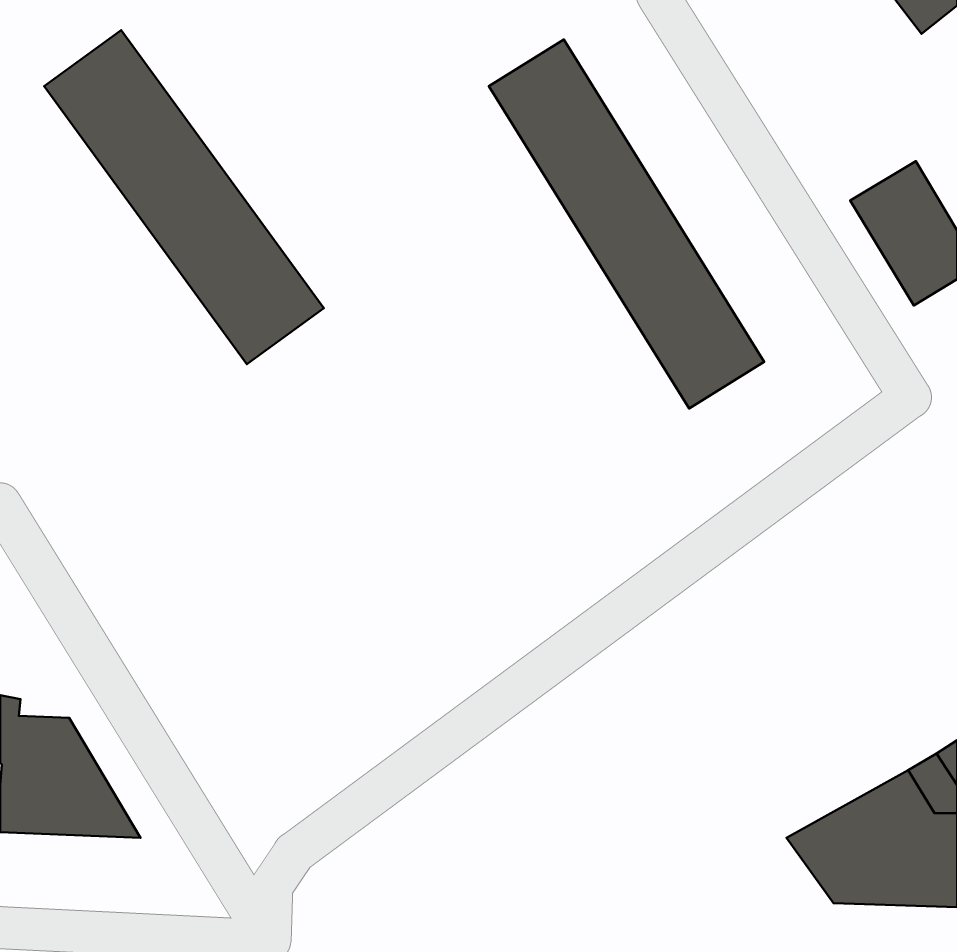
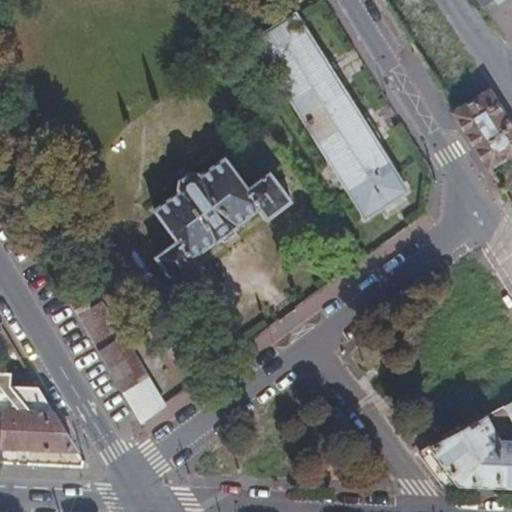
building: [44,30,324,364] -> none
building: none -> [156,162,292,288]
building: none -> [79,305,167,422]

